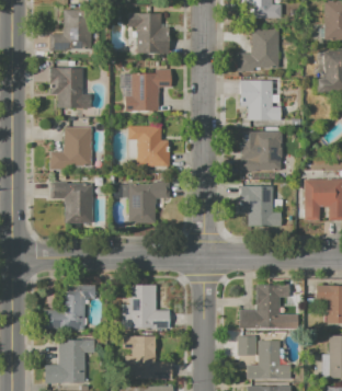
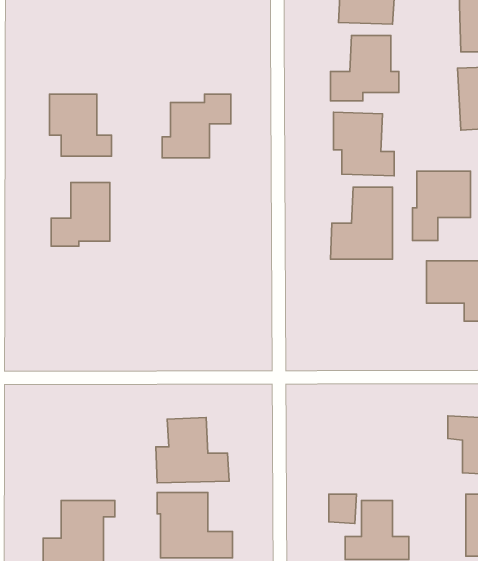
building: [50,10,88,50] -> none
building: [128,12,168,54] -> none
building: none -> [412,171,470,240]
building: [129,125,171,166] -> none
building: [52,181,92,222] -> none
building: [127,183,170,222] -> none
building: [240,186,274,223] -> none
building: [45,285,96,331] -> none
building: [240,285,290,329] -> none

